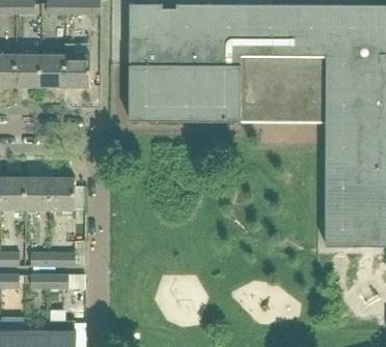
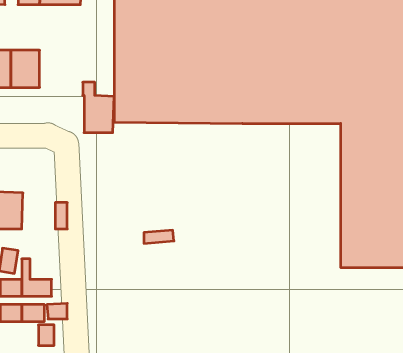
building: [63,44,90,87] -> [83,82,114,133]
building: [49,178,75,210] -> none

